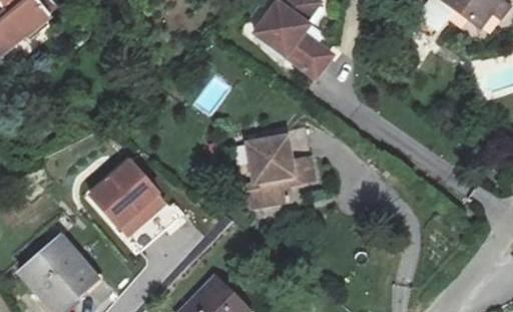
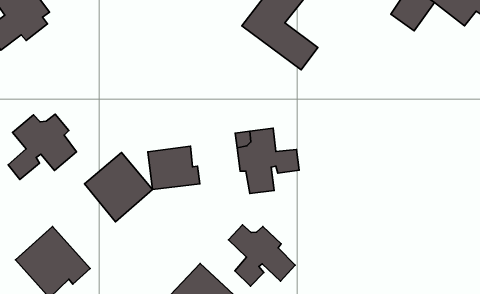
building: none -> [8,114,76,179]
building: none -> [148,146,200,190]
building: none -> [228,225,295,286]

